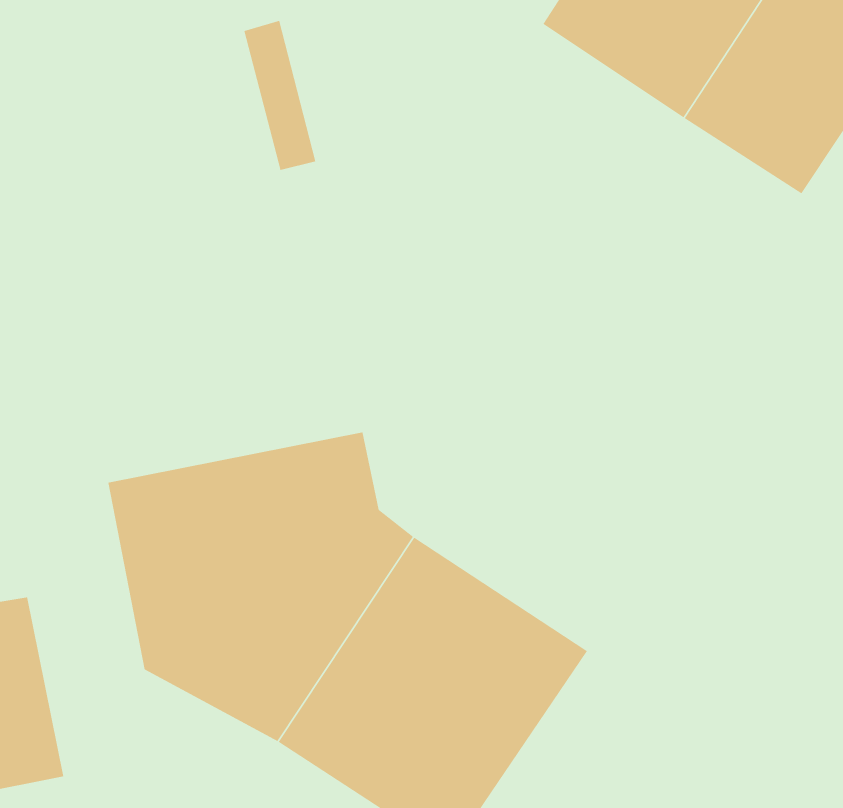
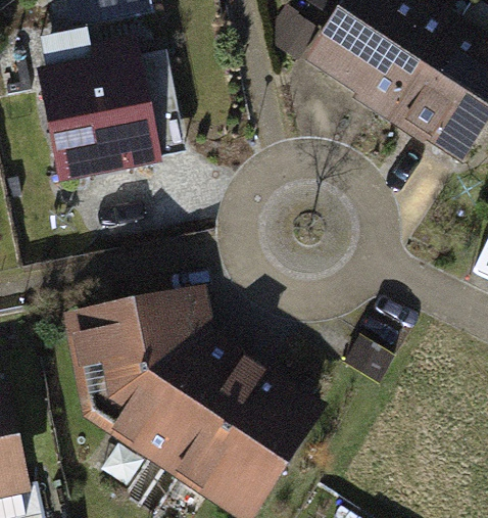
building: none -> [25,47,148,181]

